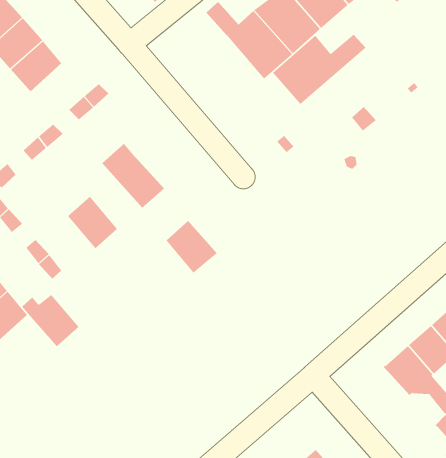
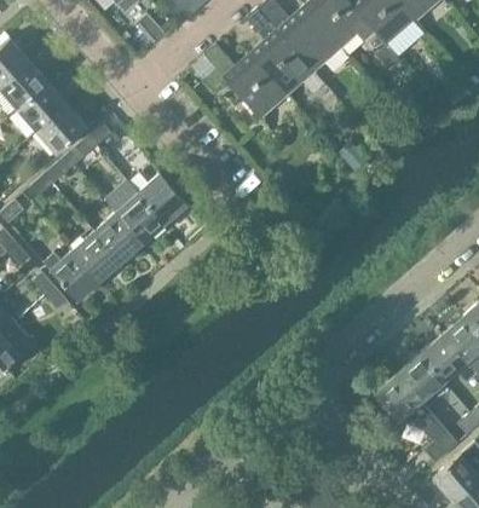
building: [272,34,366,105] -> none
building: none -> [36,104,87,155]
building: none -> [137,173,186,224]
building: [165,220,217,273] -> [93,212,143,262]
building: [21,294,79,347] -> [42,250,98,301]

